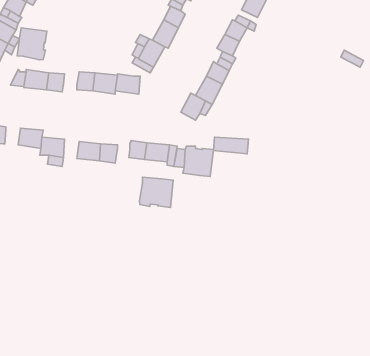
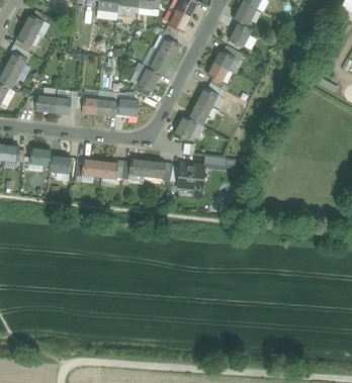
building: [17,28,47,60] -> none
building: [139,177,173,207] -> none

